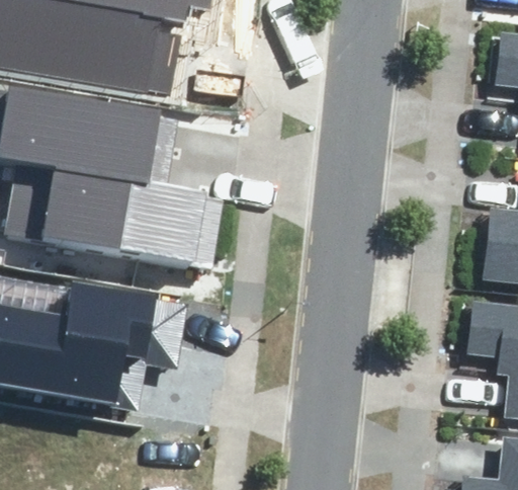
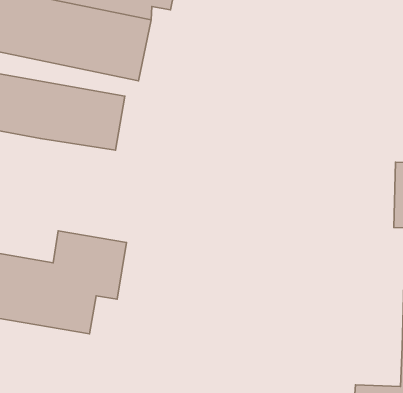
building: [44,169,224,261] -> none

